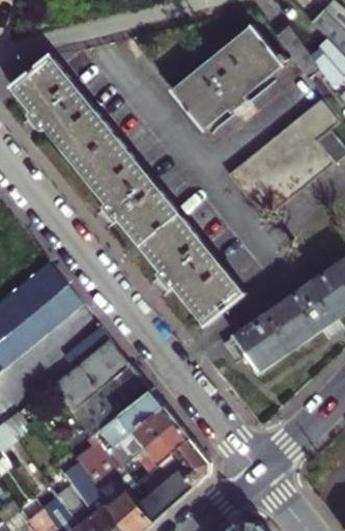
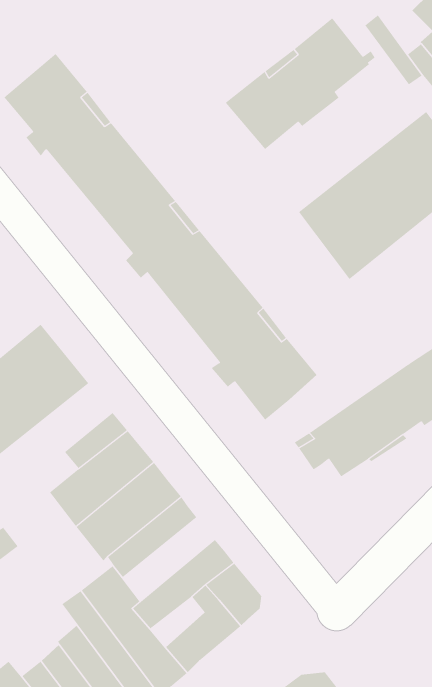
building: [98,402,168,466] -> none

